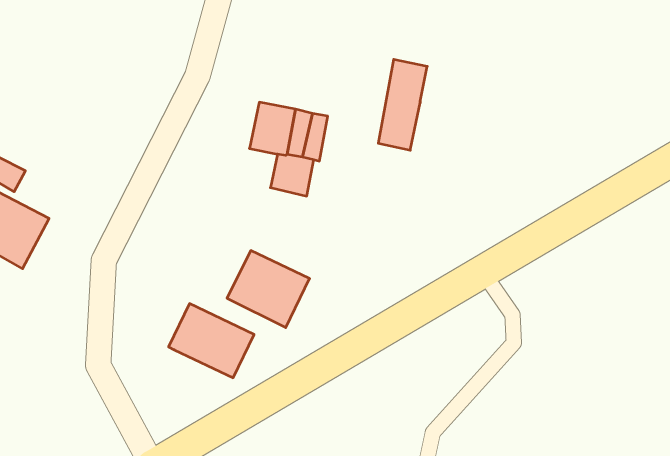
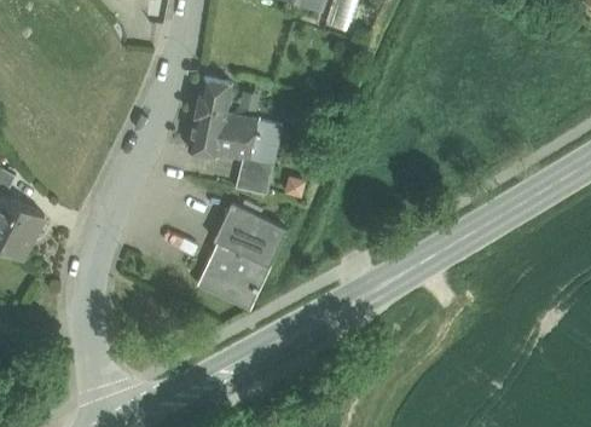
building: [378,59,427,150] -> [189,76,231,155]
building: [169,304,254,378] -> [213,202,286,266]

